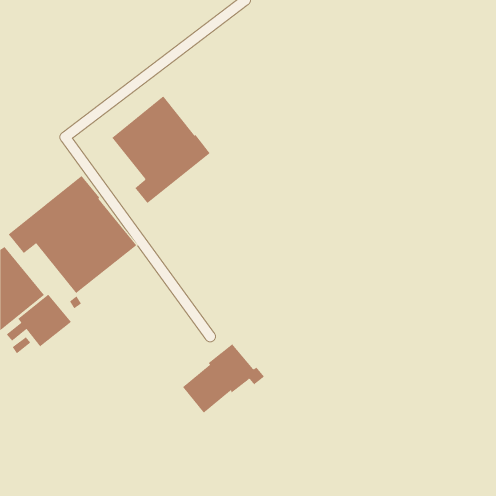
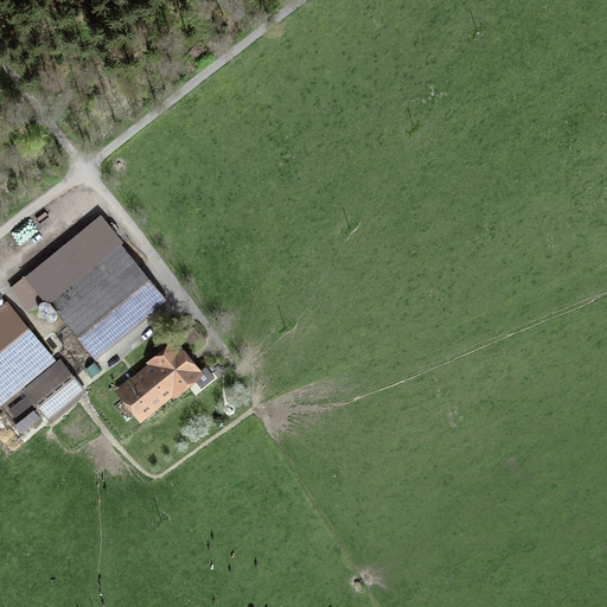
building: [111,95,210,204] -> none
building: [182,343,265,413] -> [113,338,213,423]

